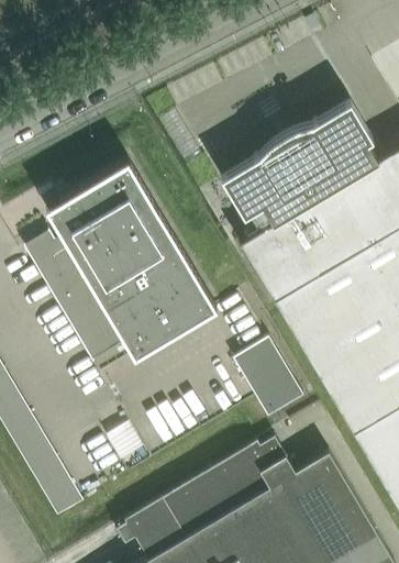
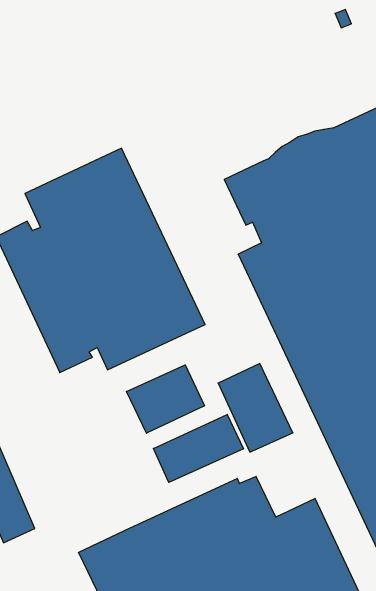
building: none -> [127,365,204,433]
building: none -> [153,414,243,482]

